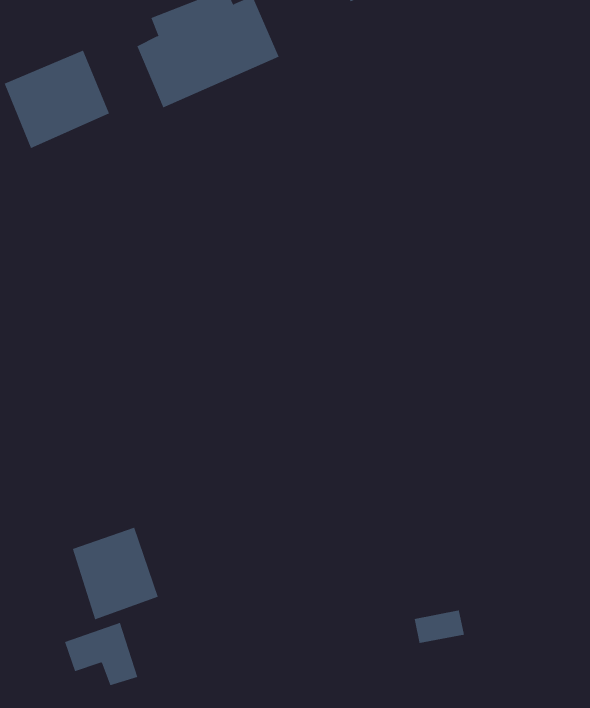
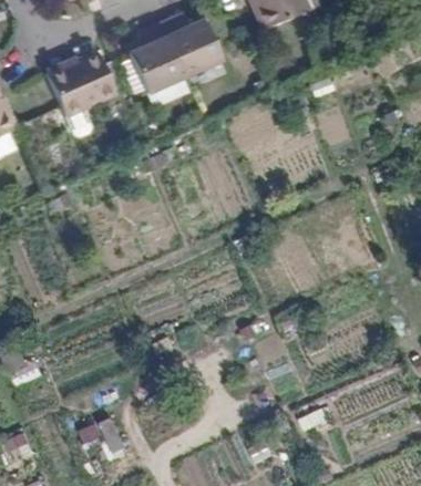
building: [72,527,159,620] -> none

